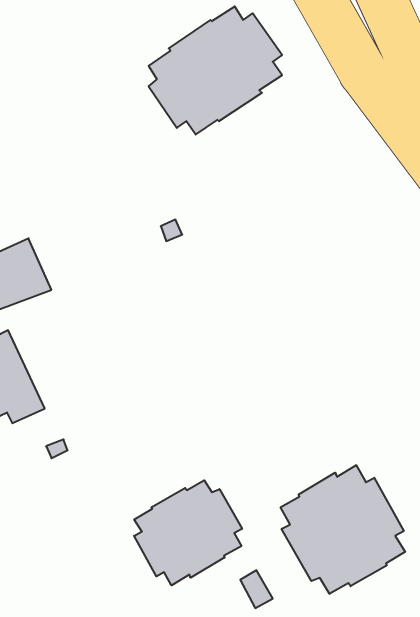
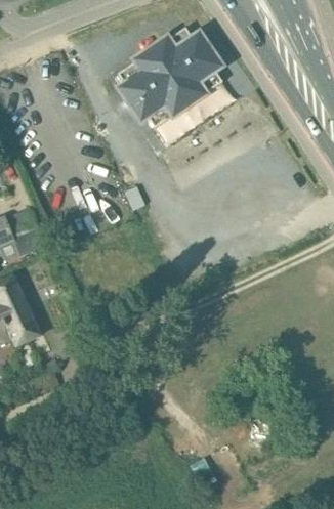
building: [281,465,405,594] -> none
building: [134,480,242,585] -> none

